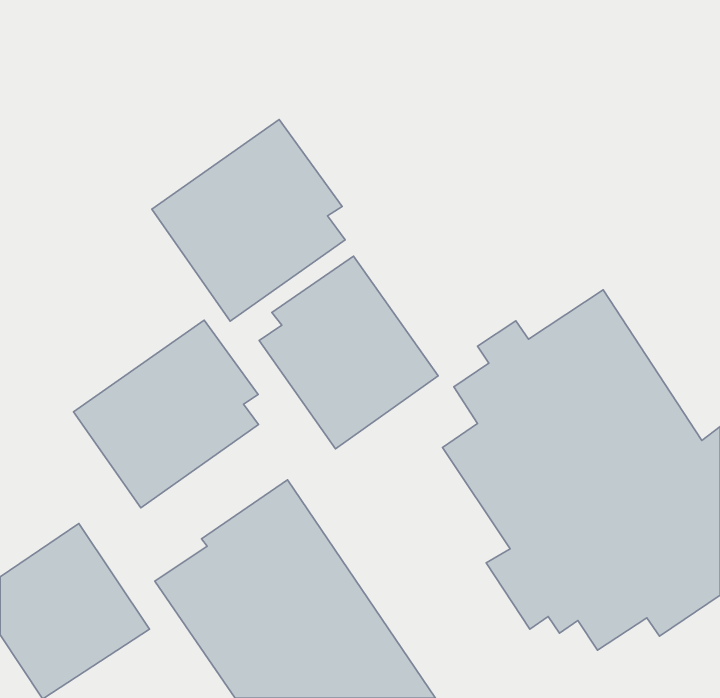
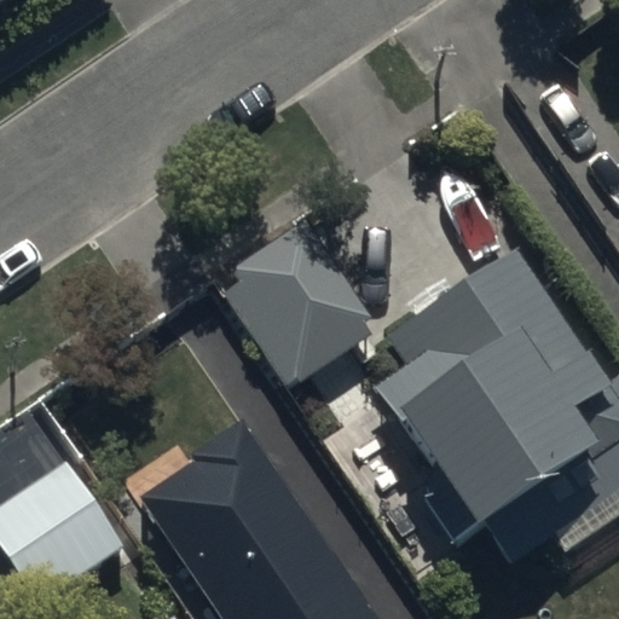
building: [152,119,345,321] -> none
building: [74,320,258,508] -> none

